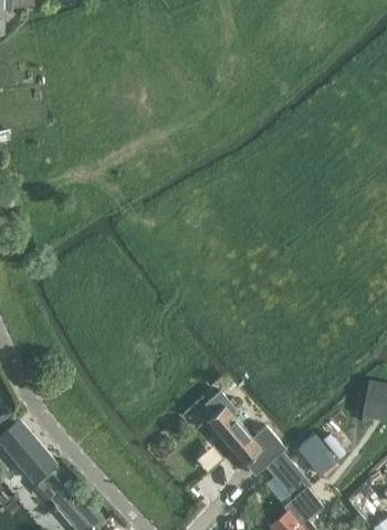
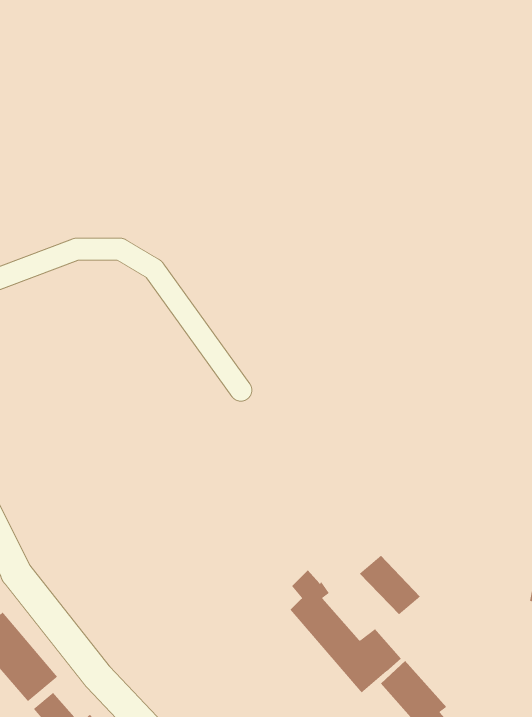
building: [299,435,339,475] -> [359,555,421,615]

